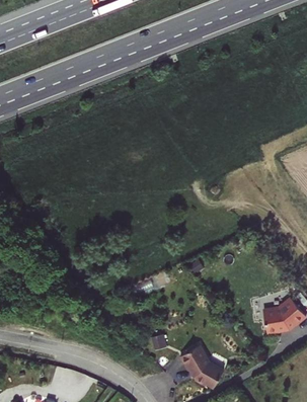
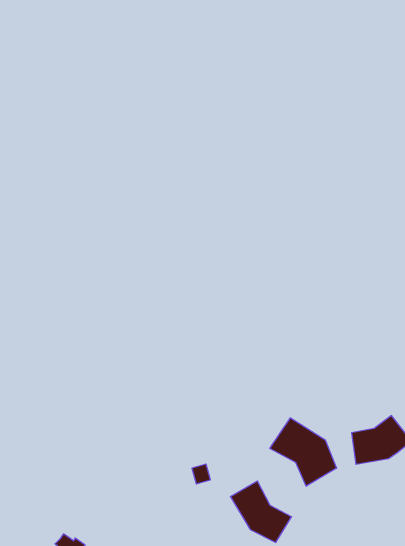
building: none -> [270,418,337,486]

